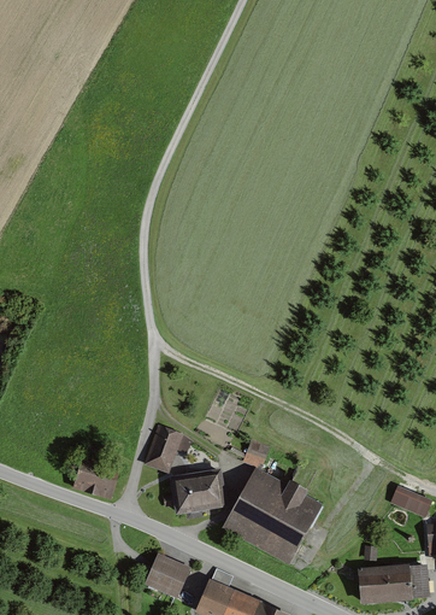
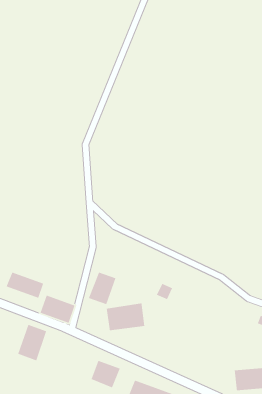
building: none -> [6,271,44,299]
building: [225,473,319,560] -> none
building: none -> [17,324,47,362]

